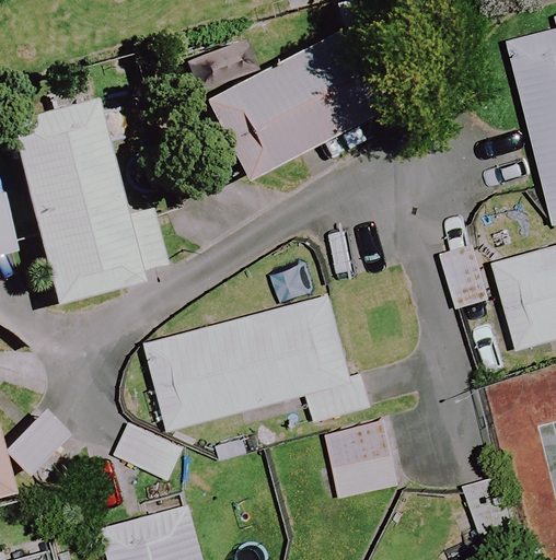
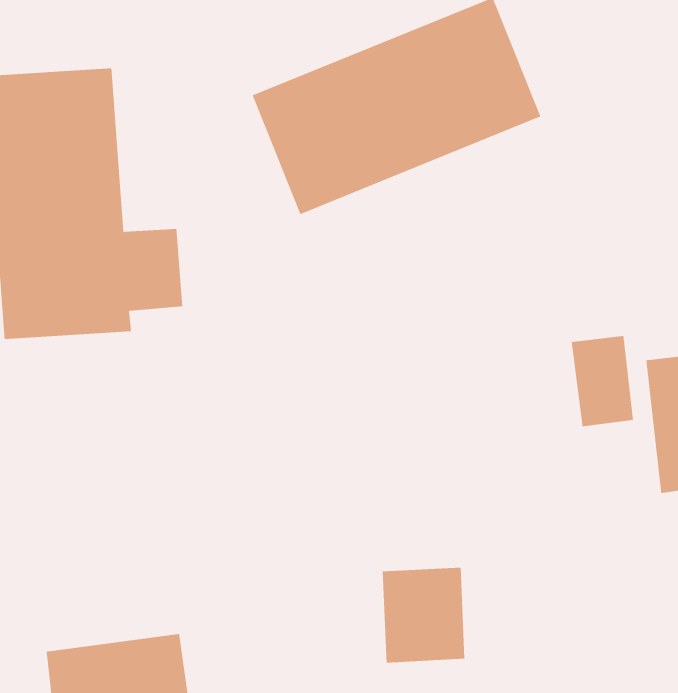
building: [153,294,373,429] -> none

